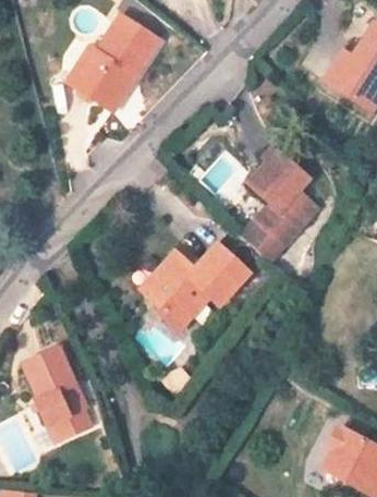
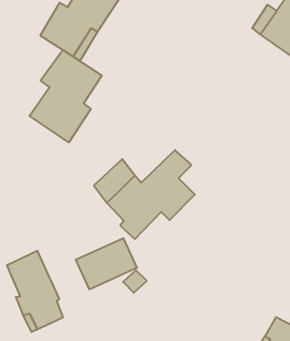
building: none -> [29,50,102,142]
building: [244,146,316,258] -> none
building: none -> [76,238,137,289]

